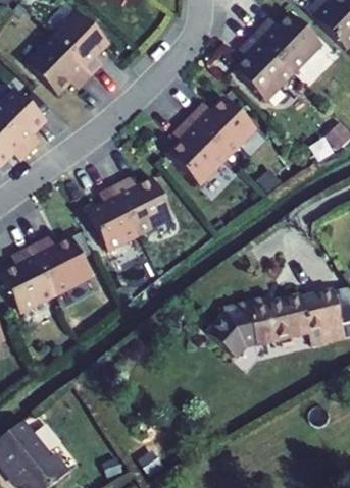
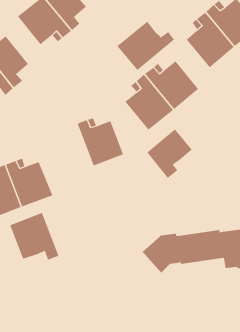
building: none -> [116,21,175,71]
building: none -> [147,129,193,179]
building: [89,185,139,251] -> none
building: none -> [9,212,59,260]

